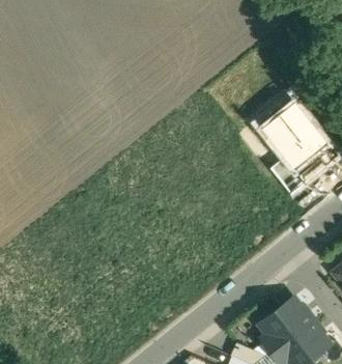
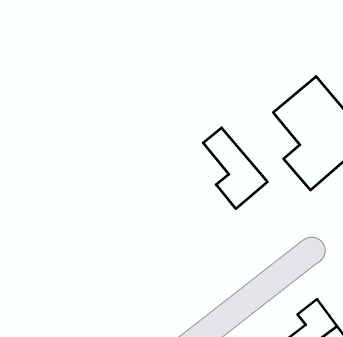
building: none -> [203,128,267,209]

